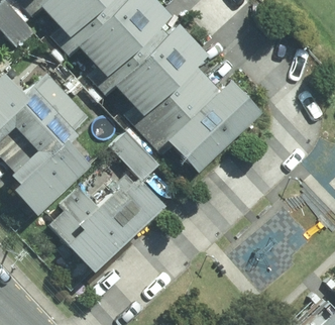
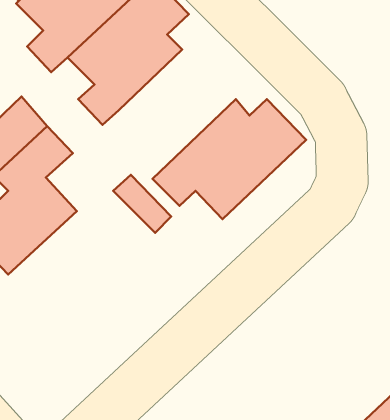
building: [122,30,211,141] -> none
building: [54,177,164,269] -> none

